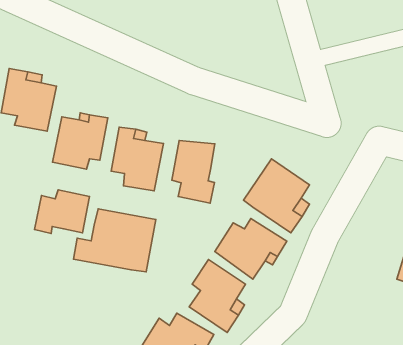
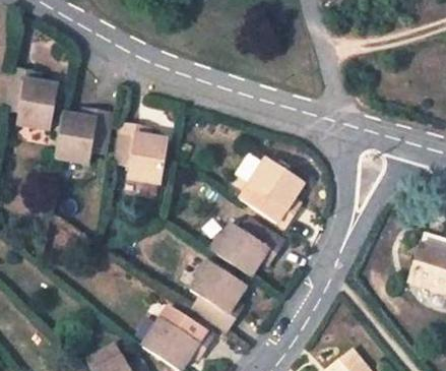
building: [172,141,215,203] -> none
building: [35,190,90,234] -> none
building: [73,209,156,272] -> none

